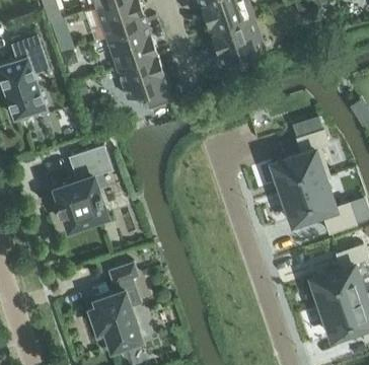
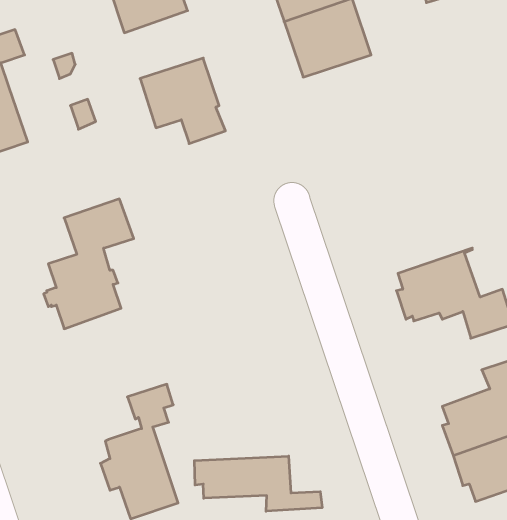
building: [106,23,157,67] -> none
building: [269,129,329,192] -> none
building: none -> [194,456,322,511]

